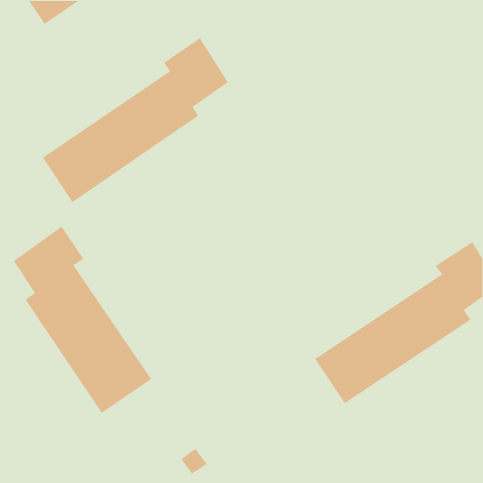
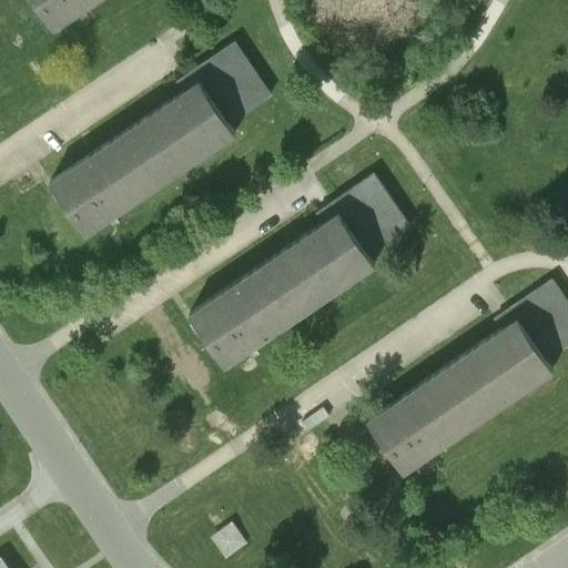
building: none -> [190,176,407,367]
building: [13,225,152,414] -> none

